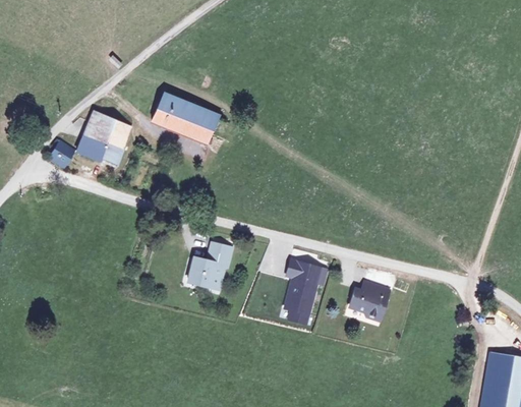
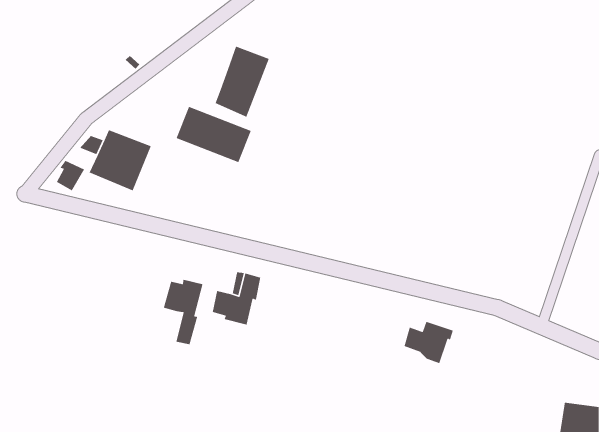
building: none -> [215,46,270,118]
building: none -> [163,279,204,345]
building: [286,257,329,321] -> none

